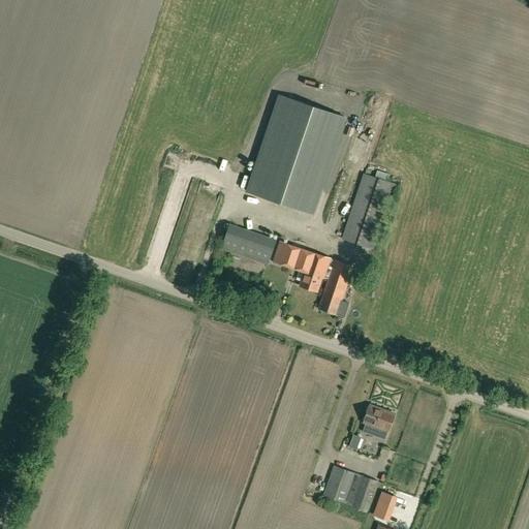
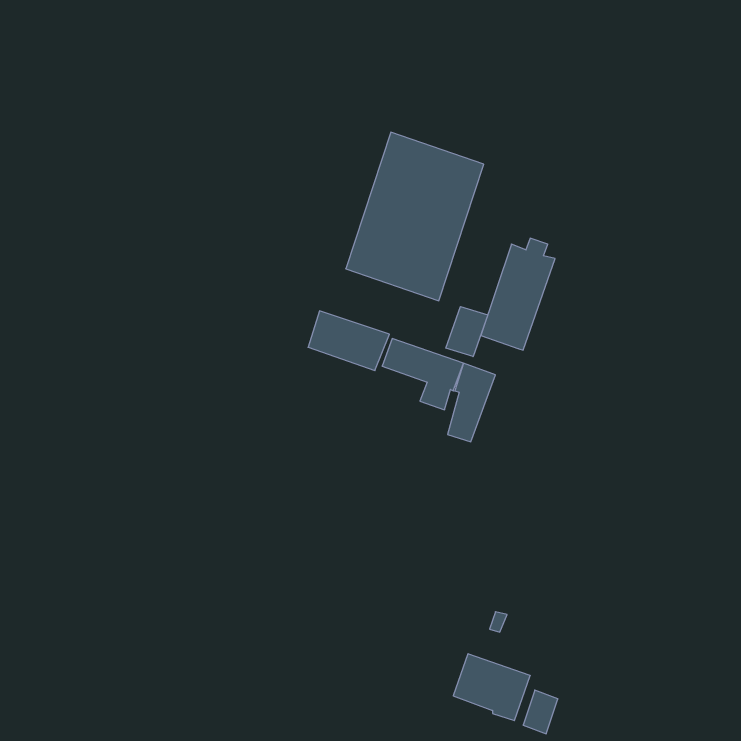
building: none -> [446,307,488,357]
building: [362,405,395,434] -> none

